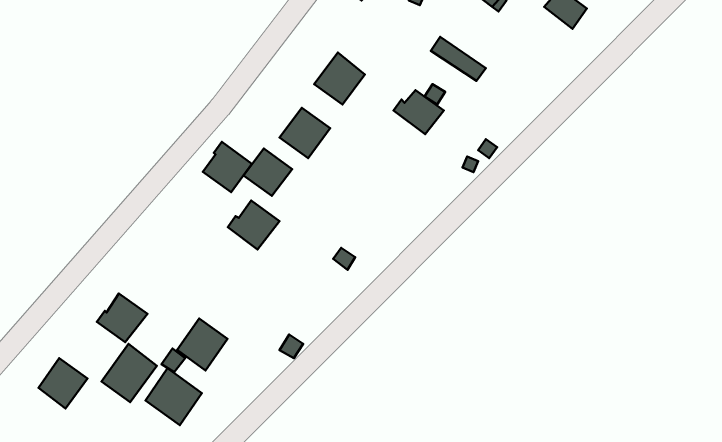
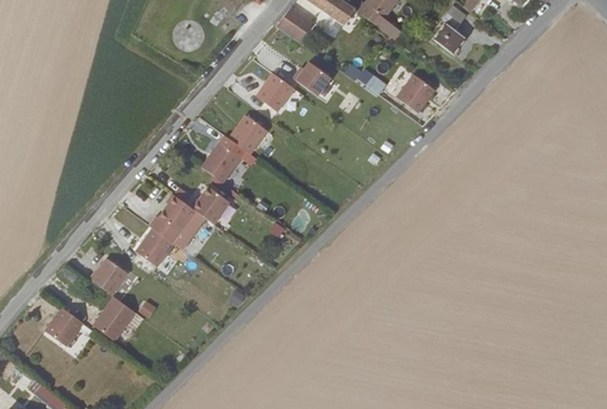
building: none -> [397,72,437,113]
building: [394,90,444,134] -> [294,63,332,97]
building: [203,142,252,192] -> [158,193,195,232]
building: [177,318,227,370] -> [136,227,175,267]
building: [145,368,202,425] -> none

